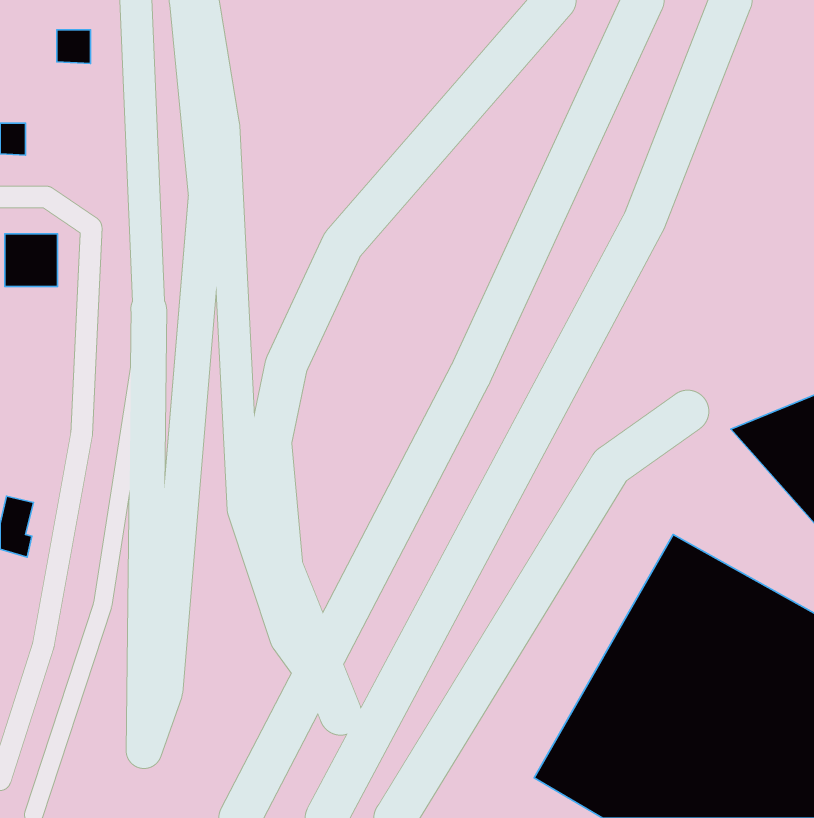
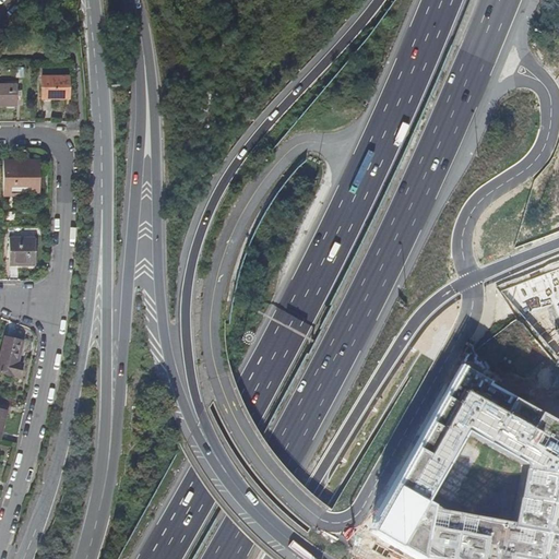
building: [57,30,91,64] -> [44,75,67,98]
building: none -> [12,238,38,267]

